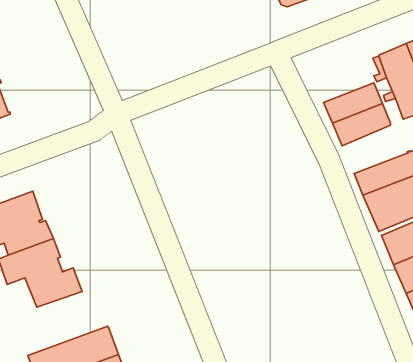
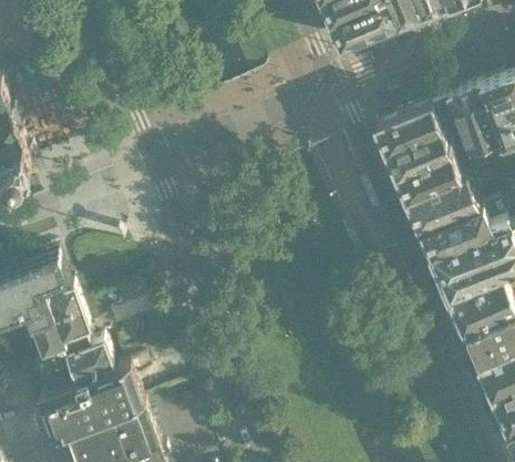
building: none -> [373,111,441,157]
building: none -> [405,179,480,237]
building: none -> [38,369,143,442]

